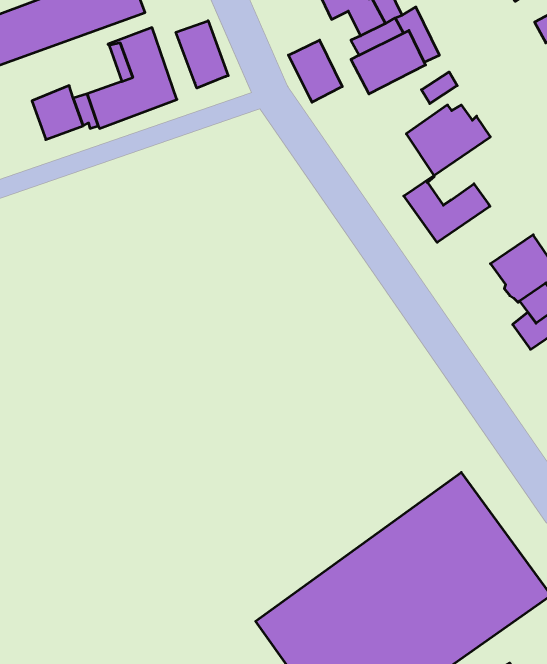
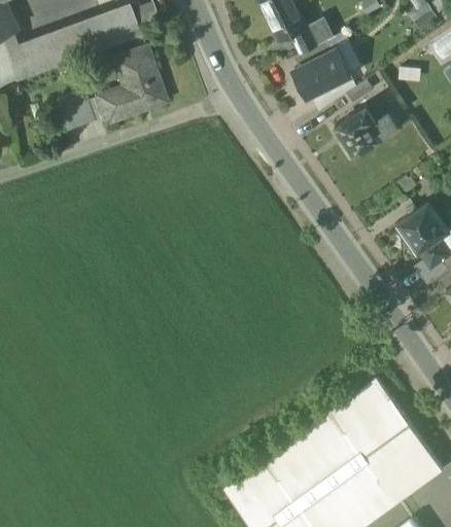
building: [176,21,228,88] -> none
building: [288,40,342,102] -> none
building: [404,175,490,242] -> none

